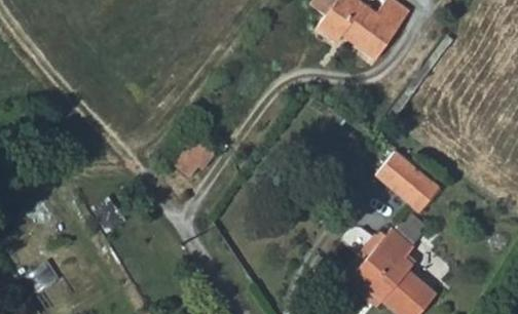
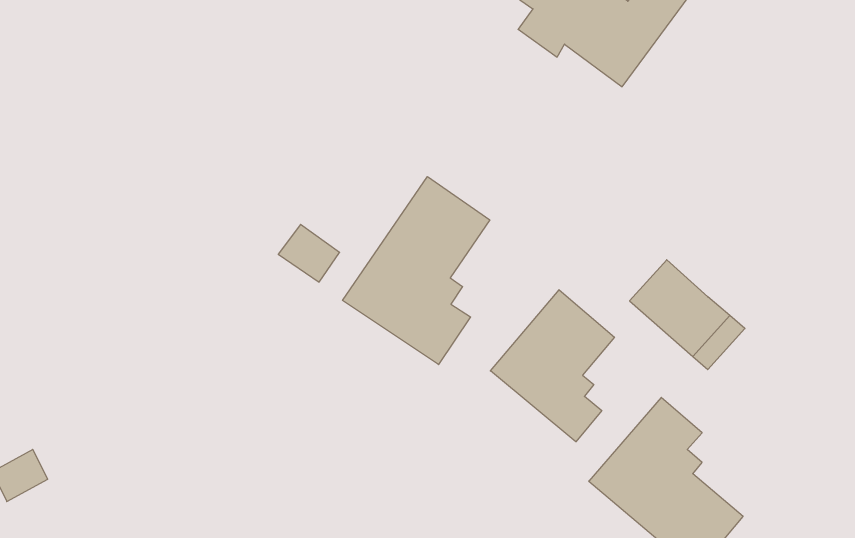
building: none -> [343,177,490,365]
building: none -> [490,290,614,442]

